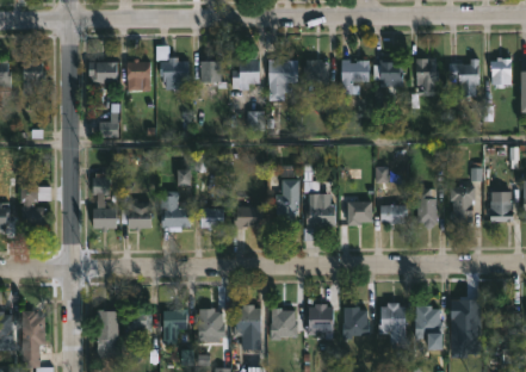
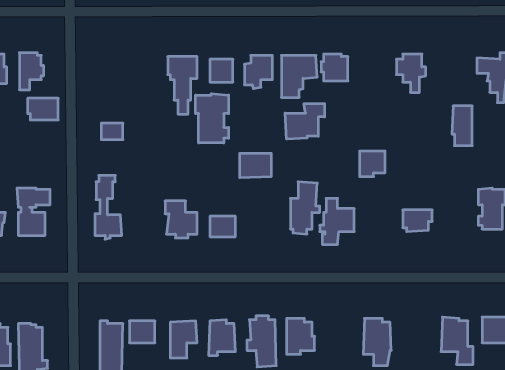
building: [126,58,150,91] -> none
building: [417,58,437,95] -> [452,106,472,146]
building: [341,60,369,94] -> none
building: [89,62,118,82] -> [28,98,58,120]
building: none -> [196,94,229,143]
building: none -> [285,104,325,139]
building: [417,190,437,229] -> none
building: [348,202,372,225] -> [360,151,385,177]
building: [129,203,153,230] -> none
building: [235,206,265,229] -> [240,153,271,178]
building: [380,303,408,349] -> none
building: [308,304,334,335] -> none

